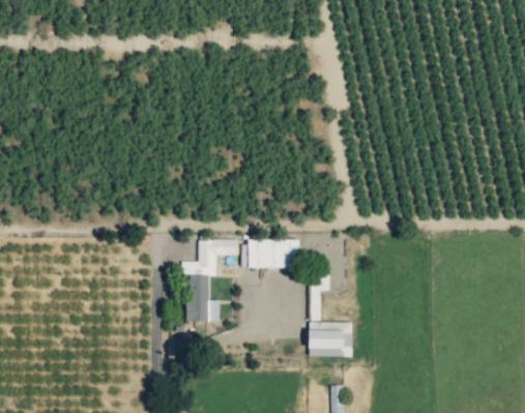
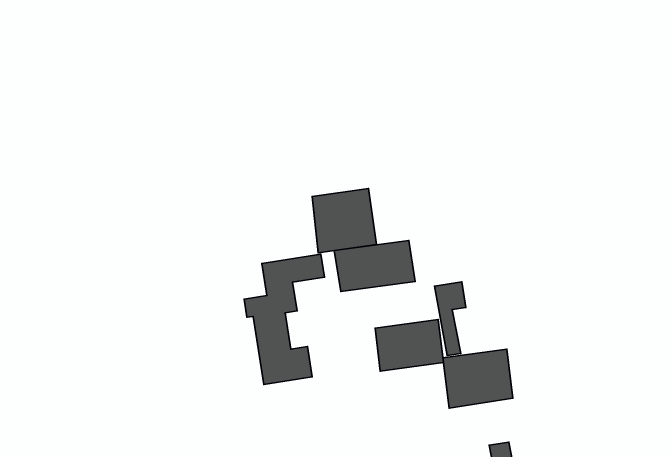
building: none -> [312,188,376,253]
building: none -> [375,320,443,371]

